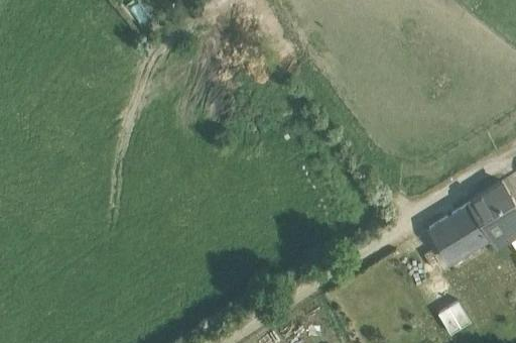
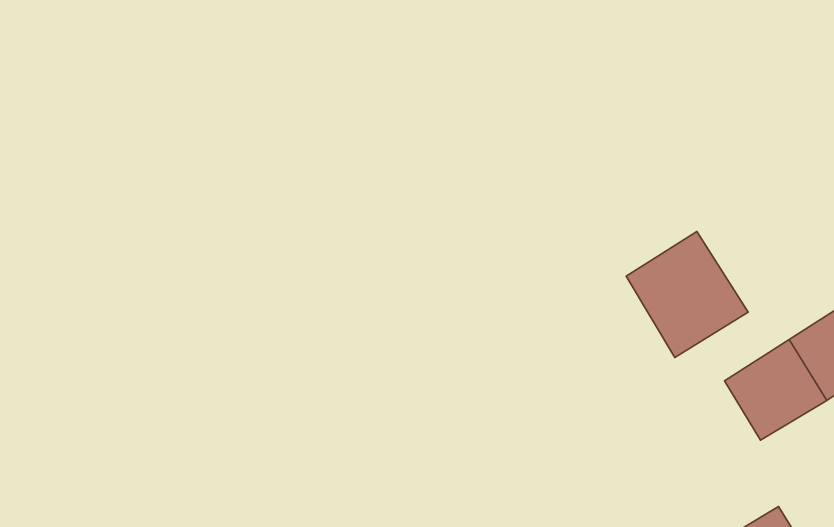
building: none -> [626,232,748,357]

